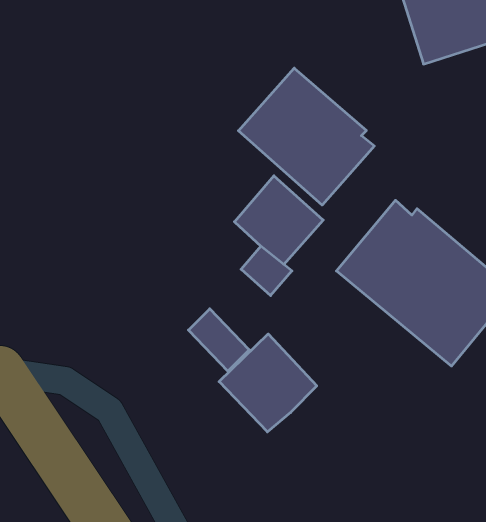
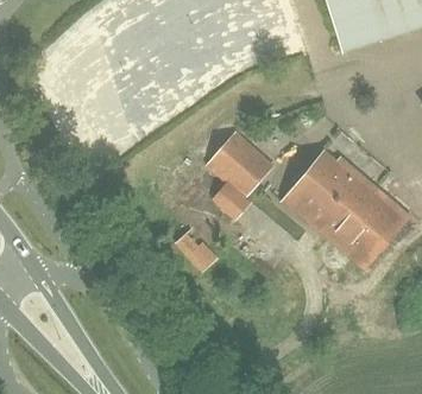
building: [238,68,374,205] -> none
building: [219,334,317,432] -> none

